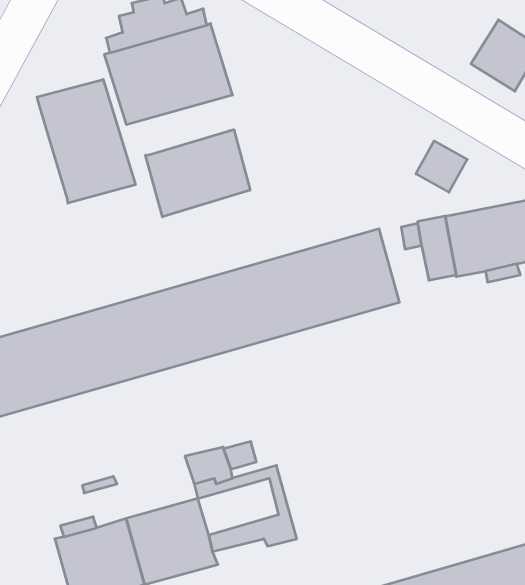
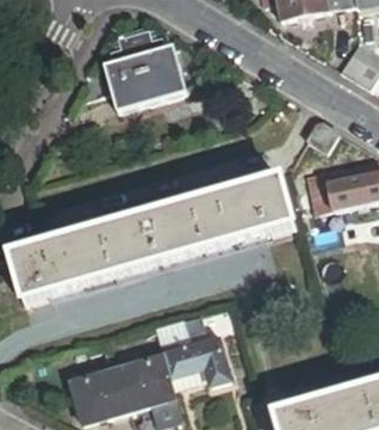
building: [37,79,135,203] -> none
building: [146,130,250,217] -> none
building: none -> [163,342,216,379]

